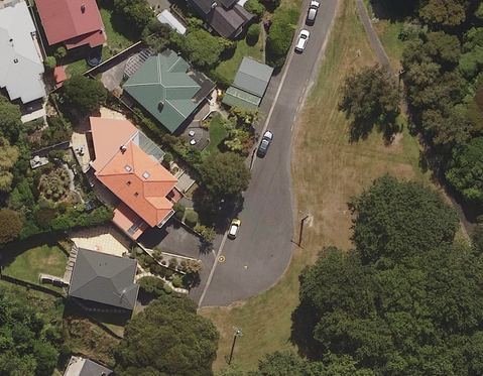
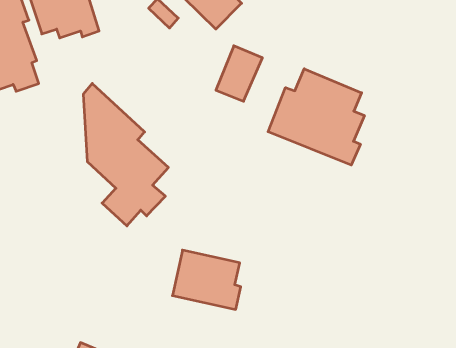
building: [122,41,214,132] -> none
building: none -> [268,69,364,165]
building: [69,248,138,308] -> [172,250,241,309]

